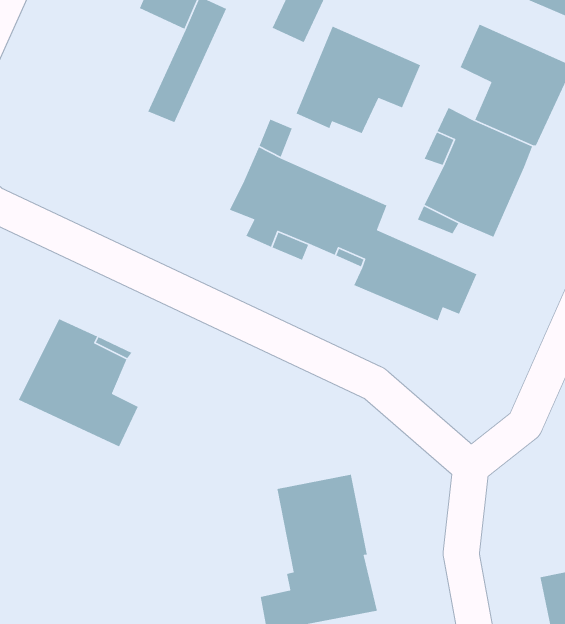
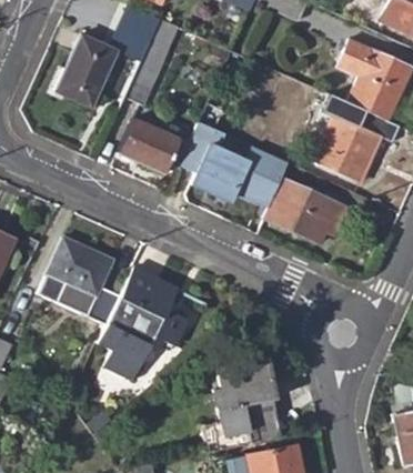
building: none -> [57,34,118,107]
building: [295,26,421,134] -> none
building: none -> [120,119,191,171]
building: none -> [98,269,189,380]

